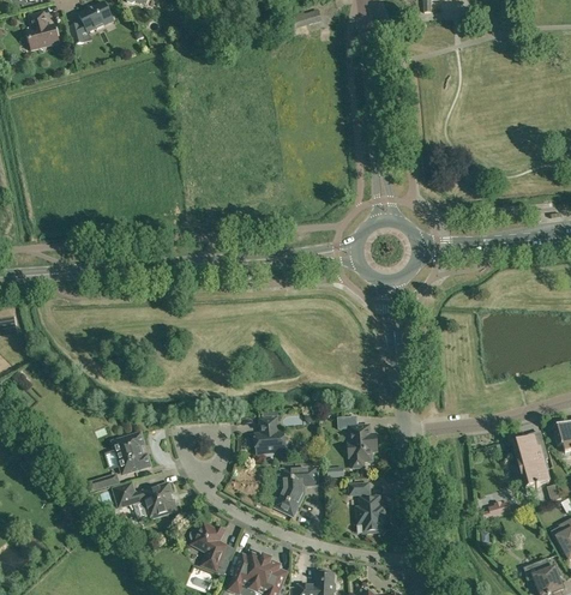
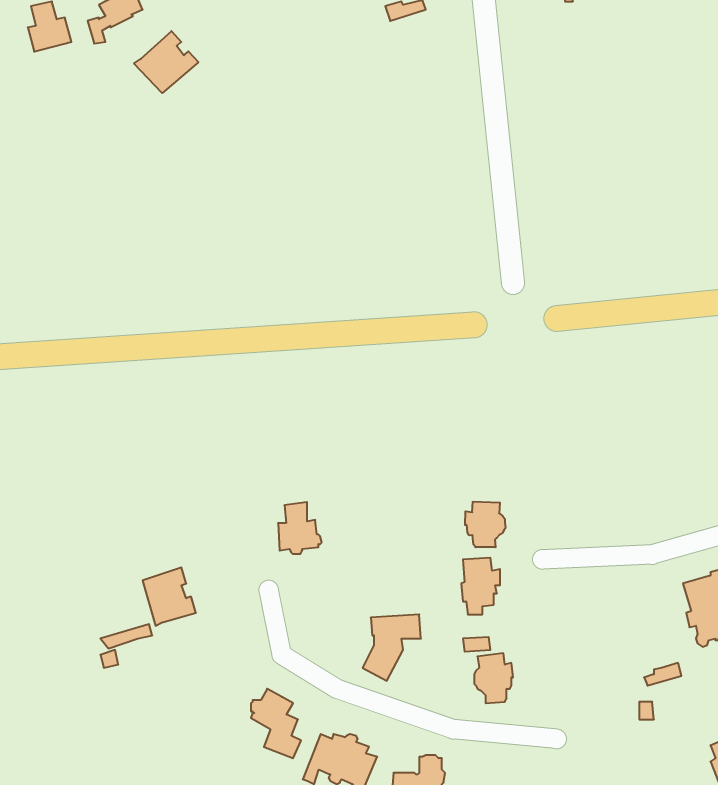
building: none -> [134,31,198,93]
building: none -> [465,502,506,547]
building: [256,416,288,455] -> [278,502,322,554]
building: [114,481,178,517] -> none

